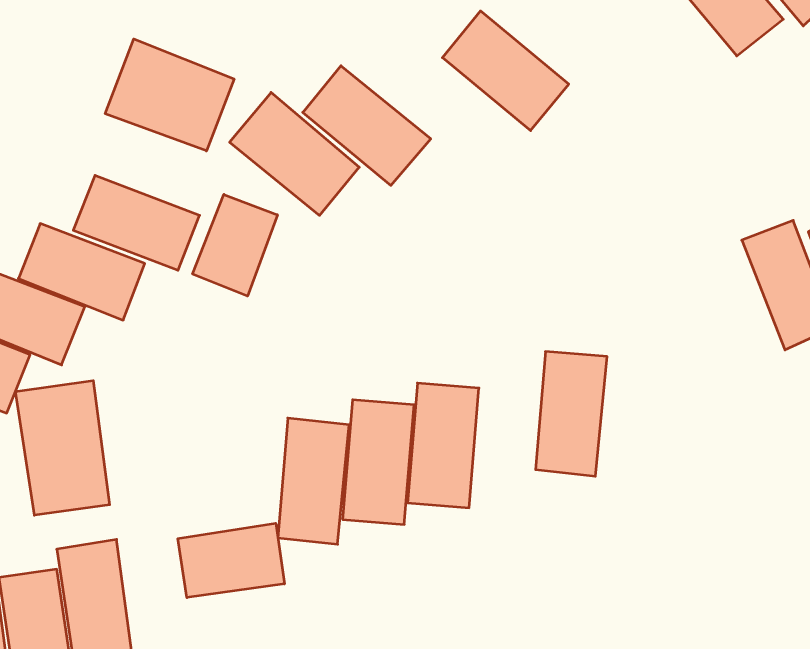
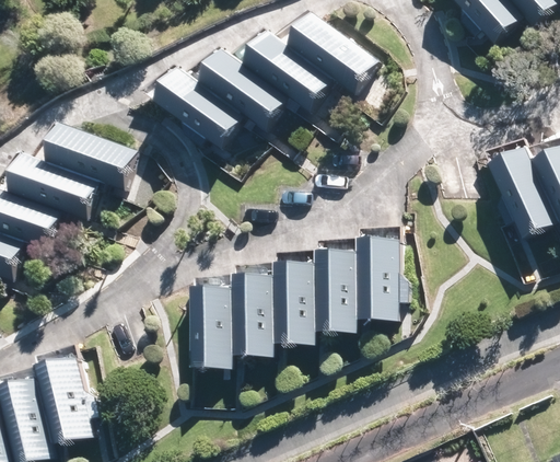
building: [105,39,234,151] -> none
building: none -> [248,32,331,109]
building: [193,194,277,296] -> none
building: none -> [314,249,361,331]
building: [15,381,110,515] -> none
building: [178,523,284,598] -> none

